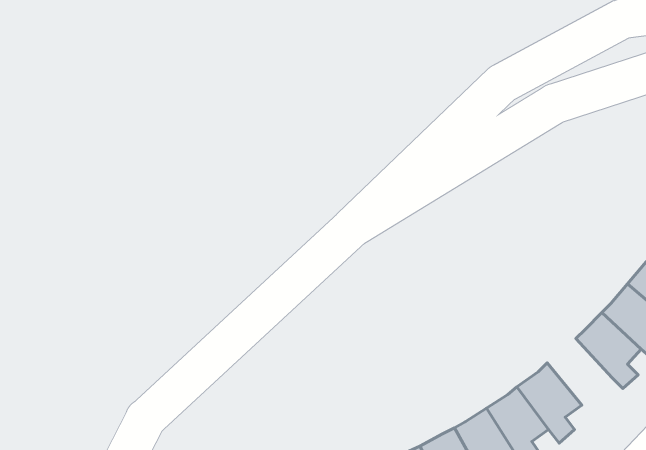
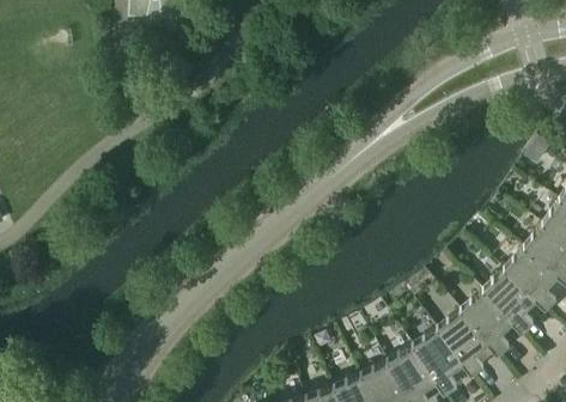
building: none -> [462,292,513,353]

